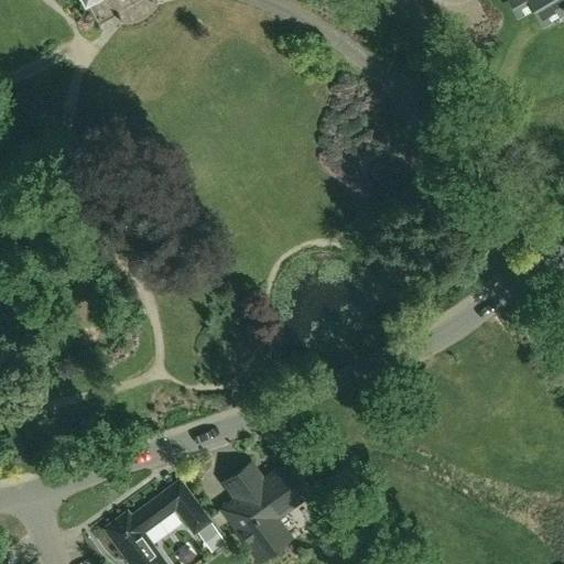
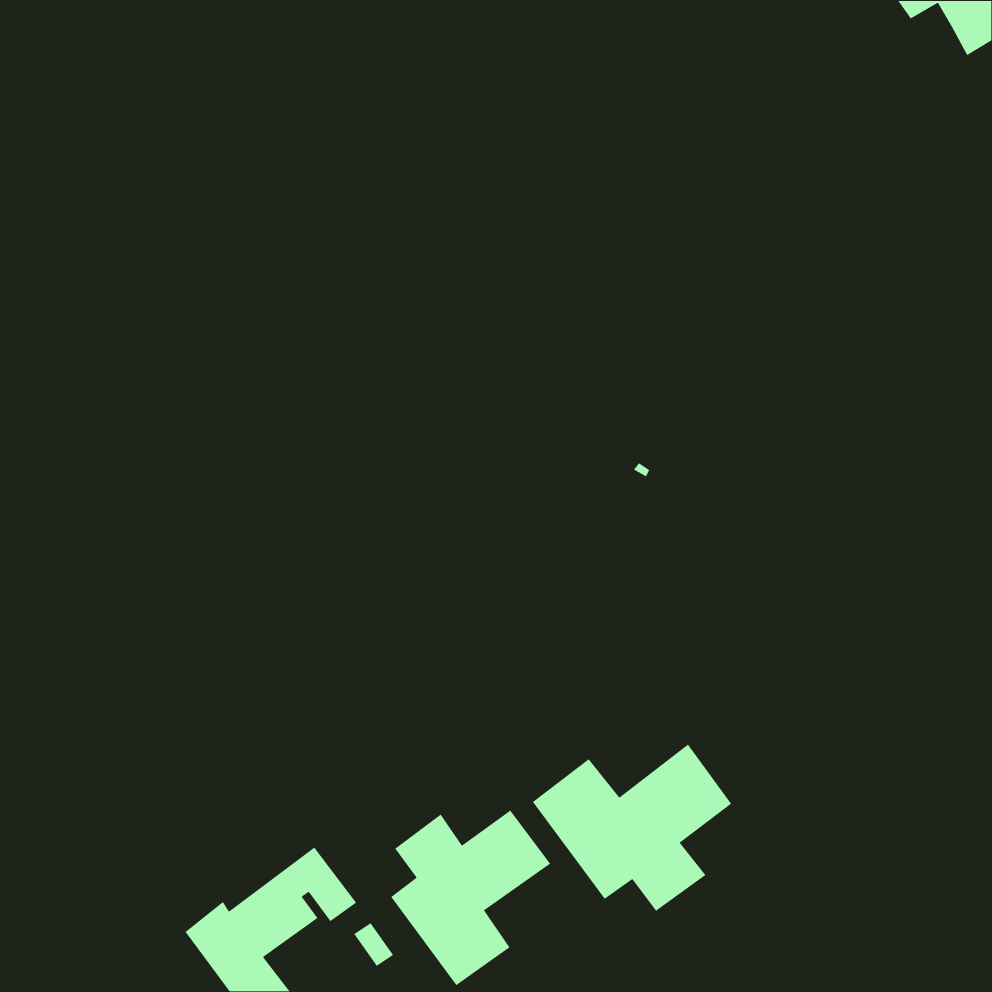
building: none -> [532,743,732,912]

